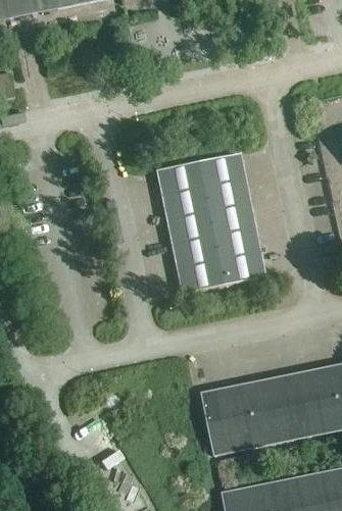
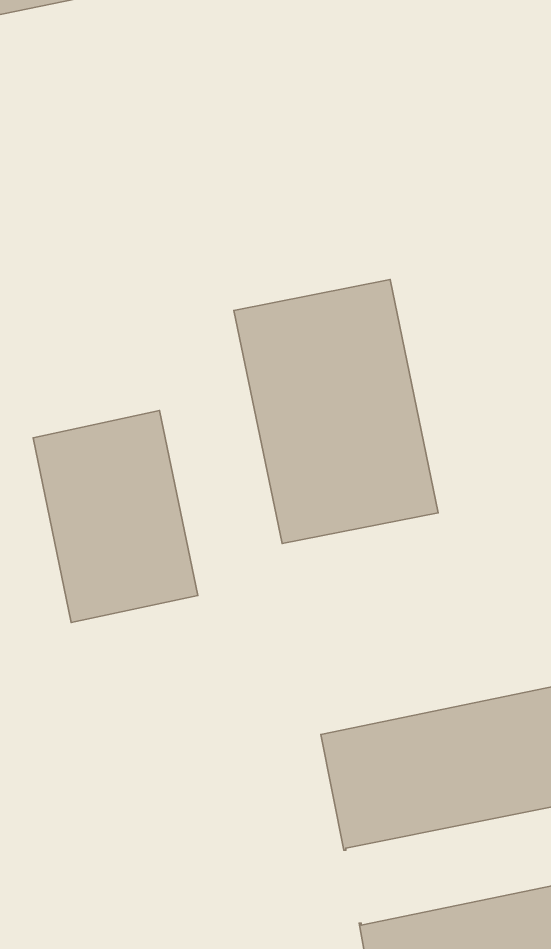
building: none -> [33,411,198,623]

